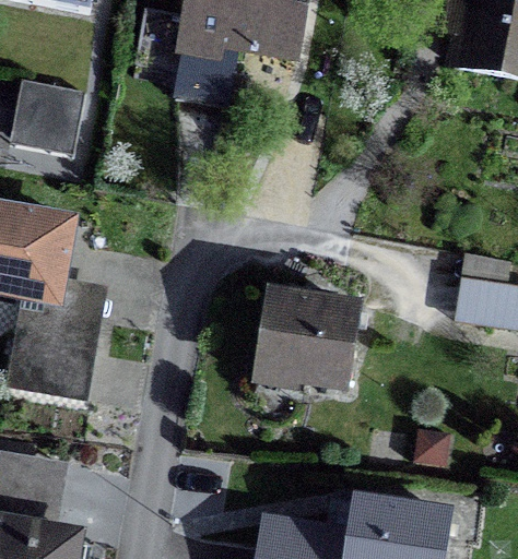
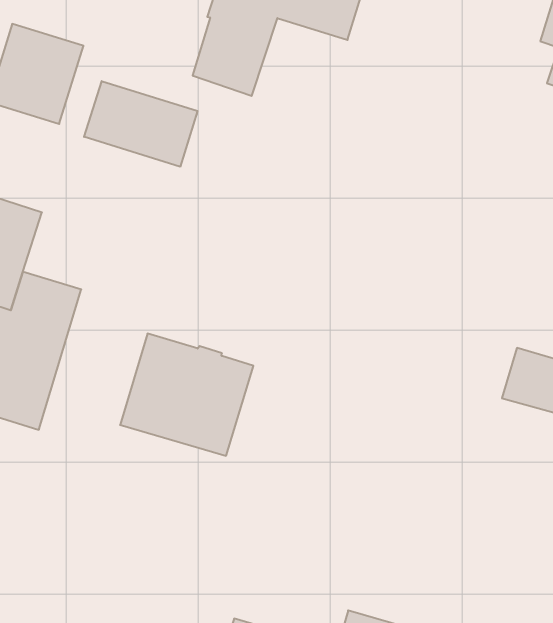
building: none -> [84,81,198,167]
building: [255,297,354,385] -> [120,334,253,456]

